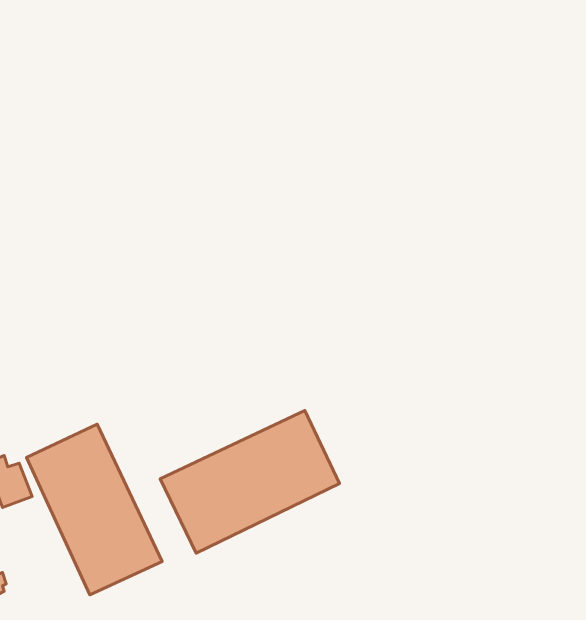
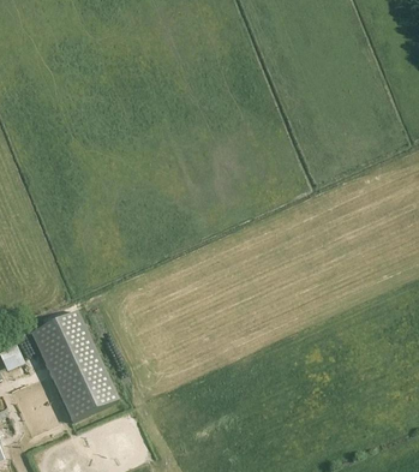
building: [160,410,339,553] -> none

